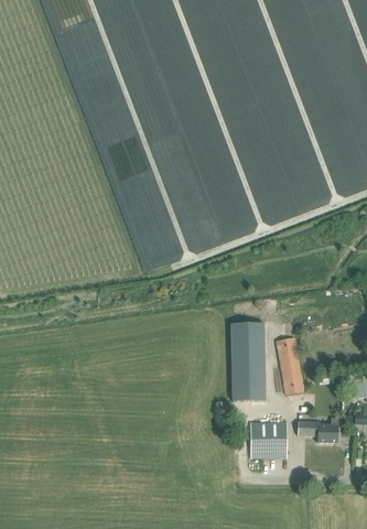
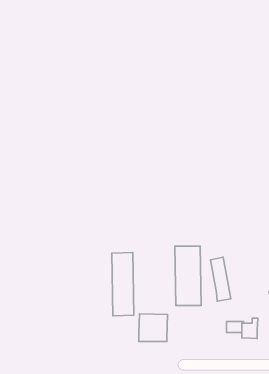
building: none -> [112,252,134,316]
building: [249,420,287,456] -> [139,314,168,342]

